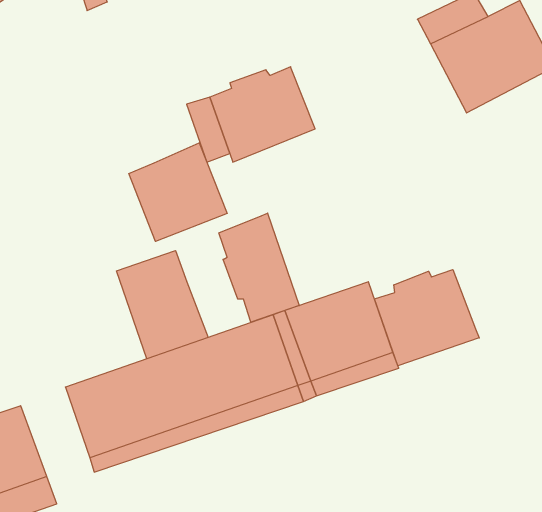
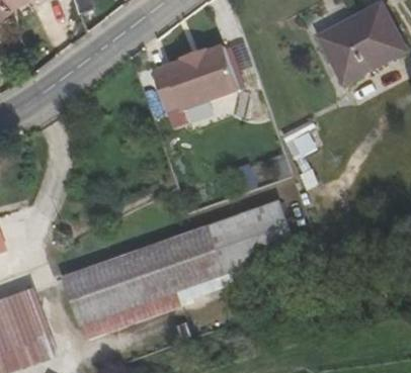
building: [129,143,227,241] -> none
building: [219,213,299,322] -> none
building: [117,251,208,359] -> none
building: [374,270,479,366] -> none

